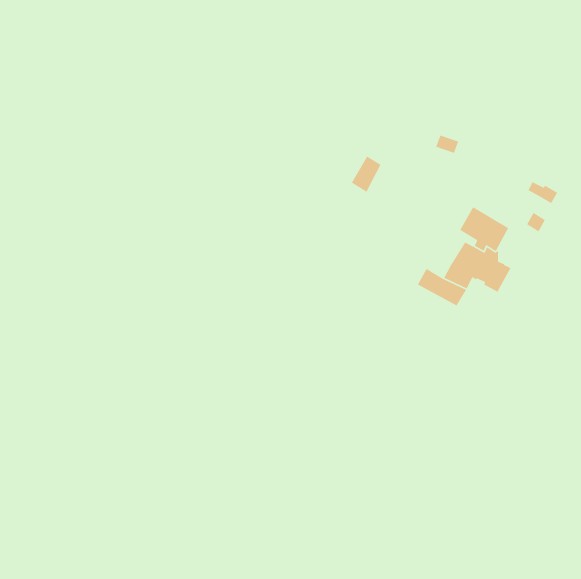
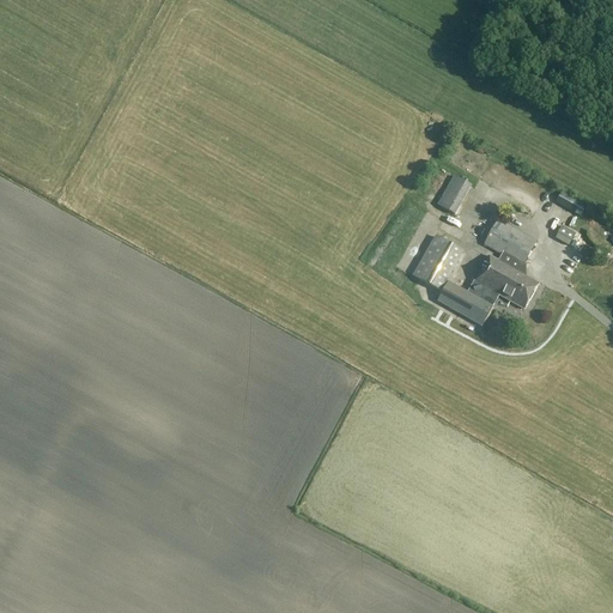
building: [351,155,382,193] -> [437,174,469,213]
building: none -> [411,233,461,289]

